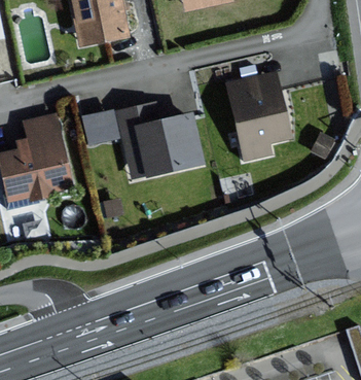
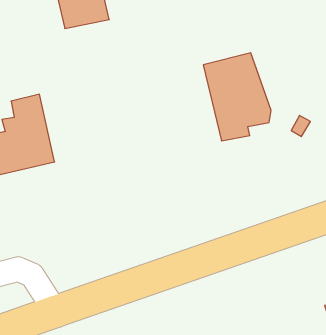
building: [84,102,204,178] -> none

